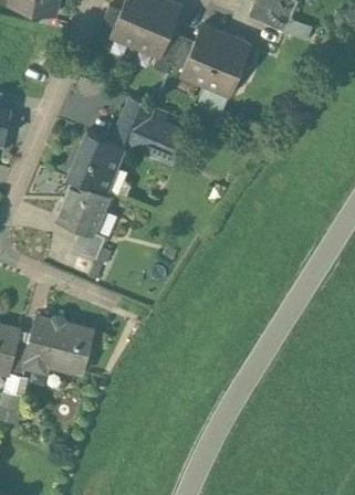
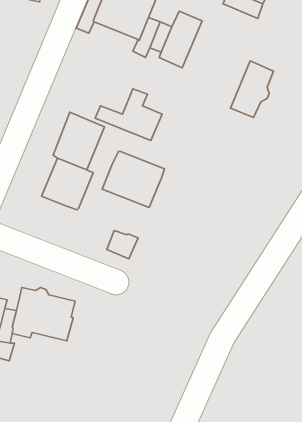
building: [206,35,251,95] -> [230,61,273,117]
building: [119,97,154,134] -> none
building: none -> [102,151,165,208]
building: [74,230,107,260] -> [107,231,138,259]

